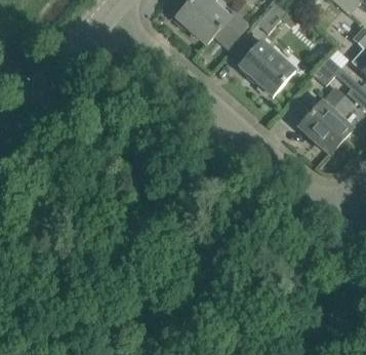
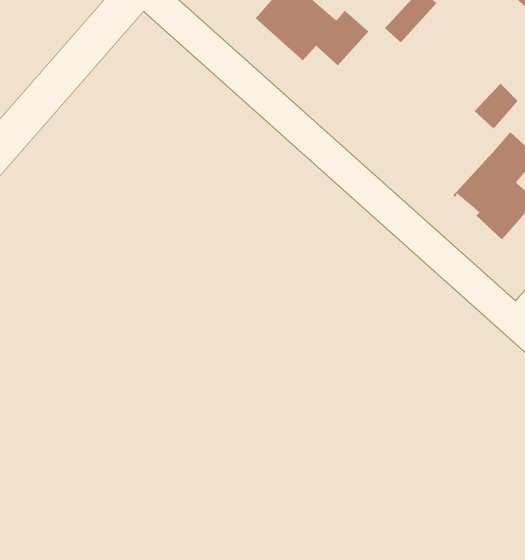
building: [238,39,295,95] -> none

